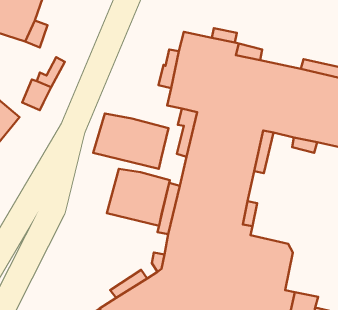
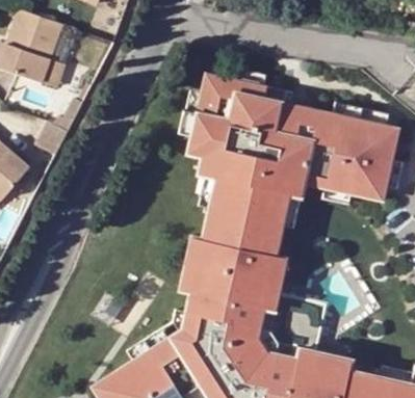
building: [93,114,169,169] -> none
building: [107,169,170,226] -> none

